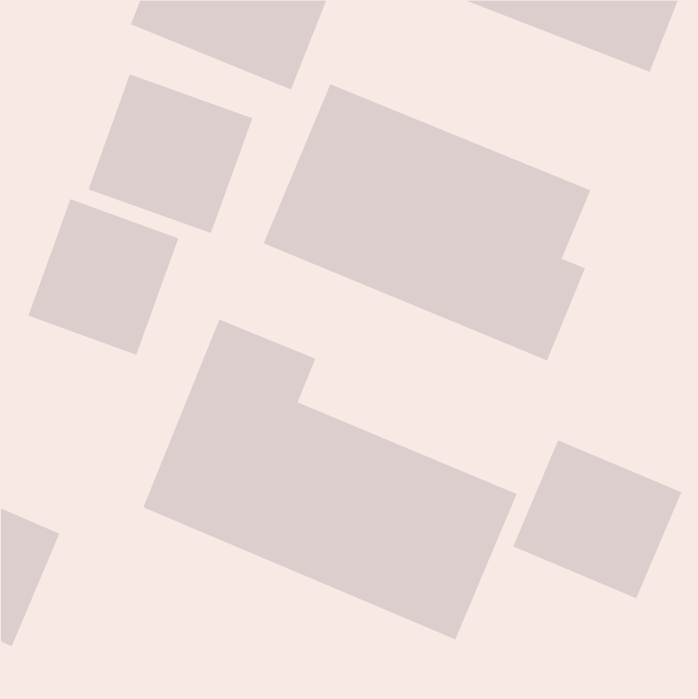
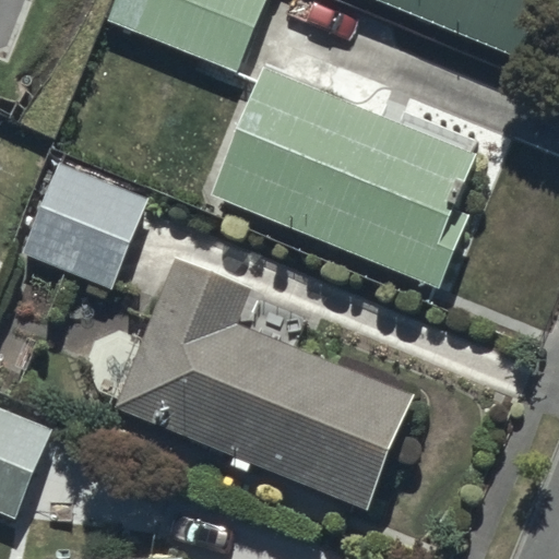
building: [88,74,253,234] -> none
building: [512,439,682,599] -> none

